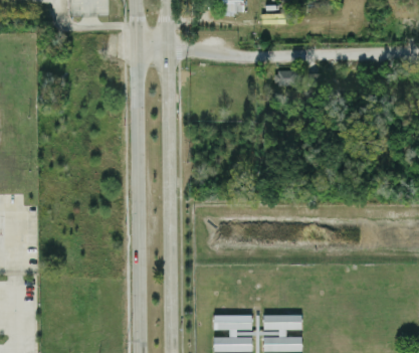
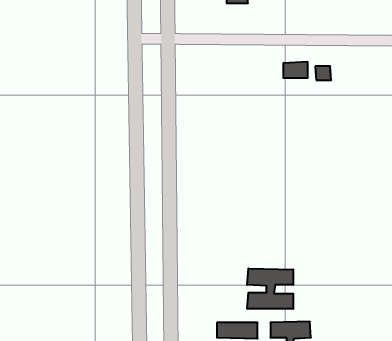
building: none -> [247,268,293,309]

